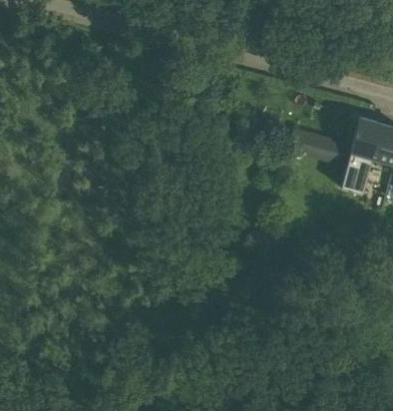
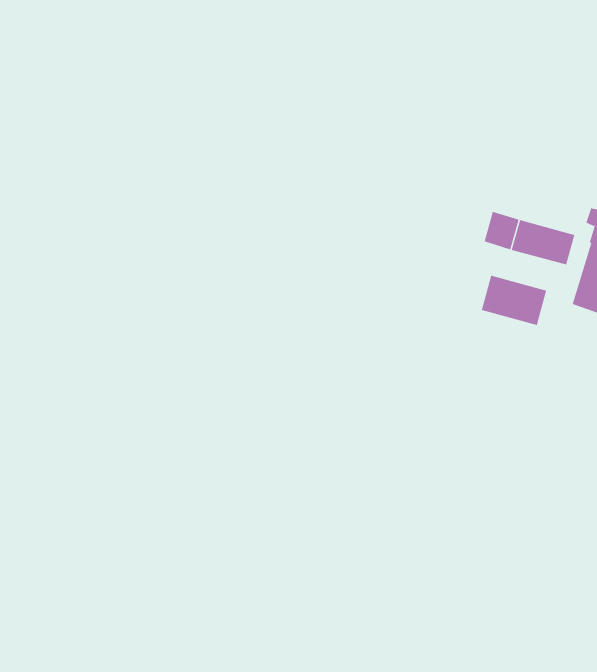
building: none -> [481,275,547,326]

